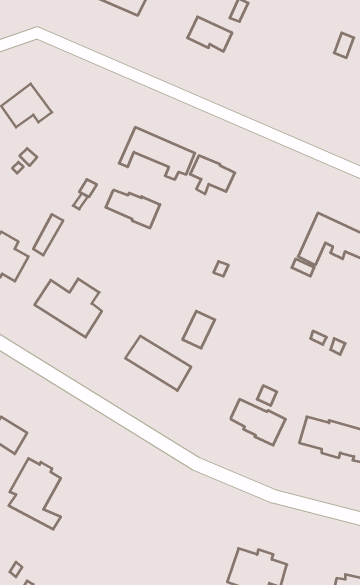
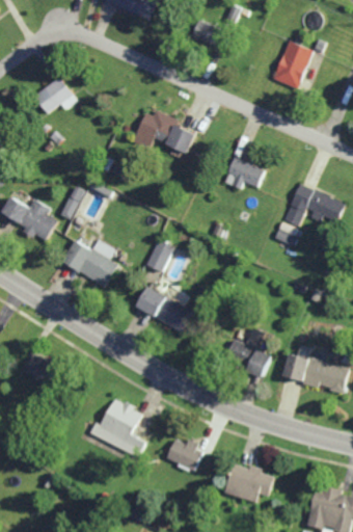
building: none -> [271,42,310,89]
building: [190,156,235,194] -> [226,157,264,189]
building: [106,190,160,228] -> none
building: [183,311,215,348] -> [146,240,173,271]
building: [9,458,61,529] -> [98,399,141,458]
building: none -> [166,440,202,471]

